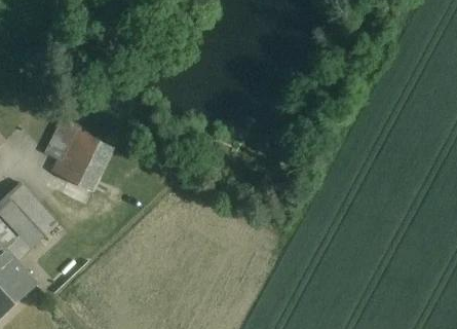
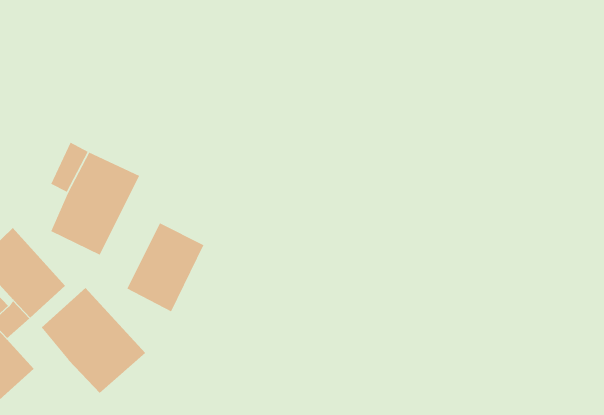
building: none -> [126,222,205,313]
building: none -> [41,287,146,394]

